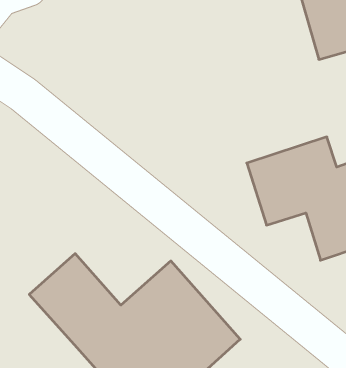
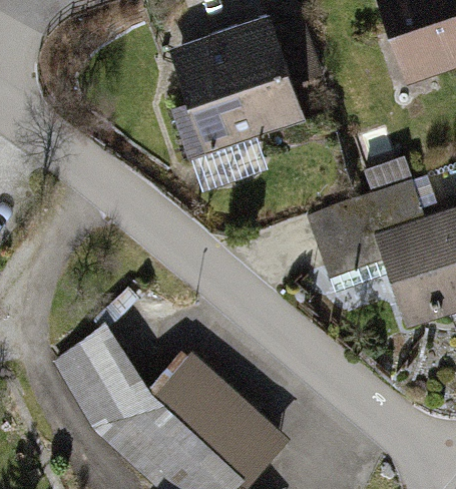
building: none -> [158,24,305,169]

